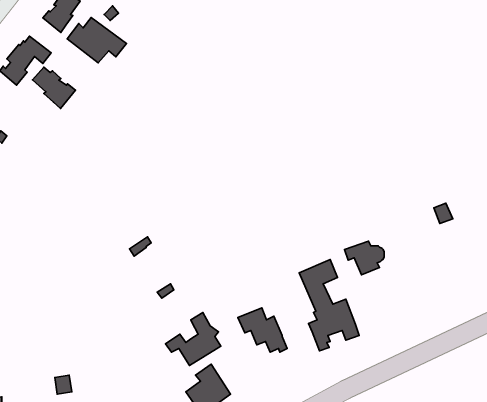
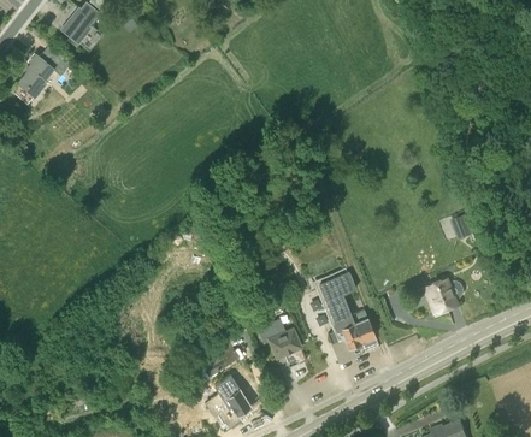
building: [67,18,126,63] -> none
building: [32,67,76,109] -> none
building: [345,241,384,275] -> [423,277,462,311]

